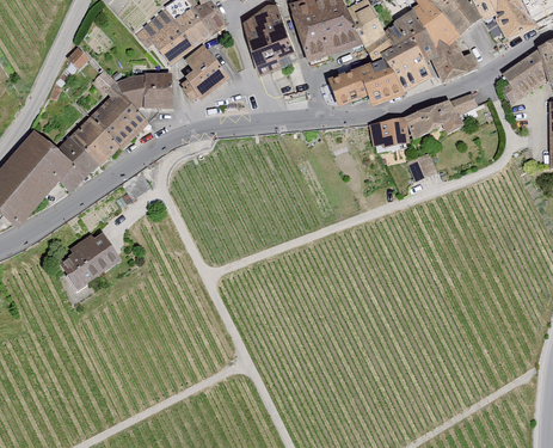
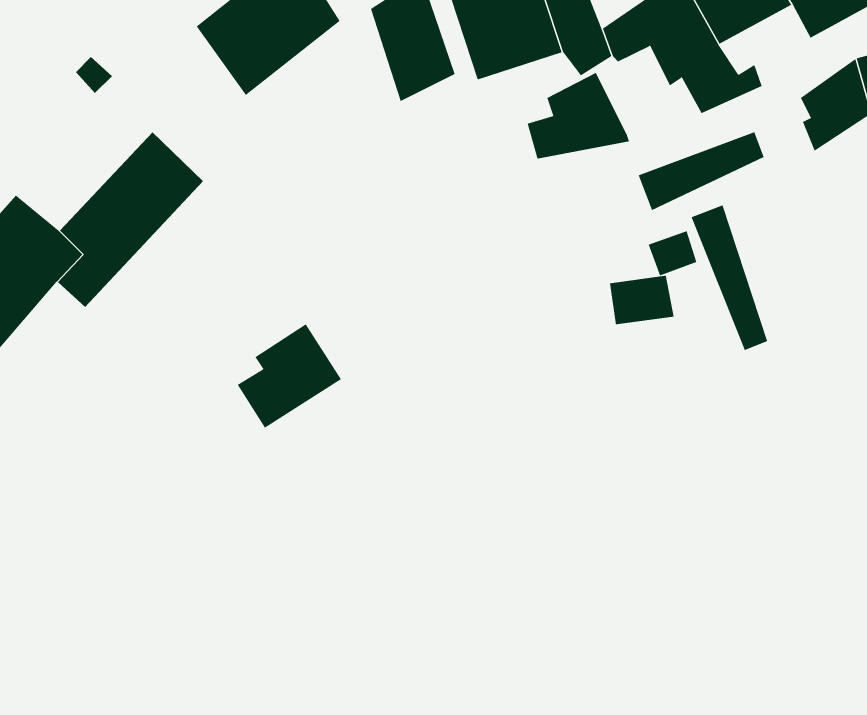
building: [379,41,430,94] -> none
building: [184,48,227,102] -> none
building: [116,73,173,110] -> none
building: [369,118,408,148] -> [609,275,675,325]
building: none -> [691,204,768,351]
building: [57,227,121,290] -> [237,324,342,429]

